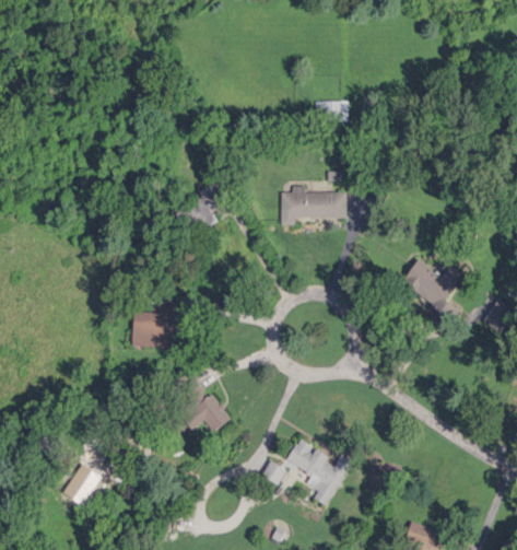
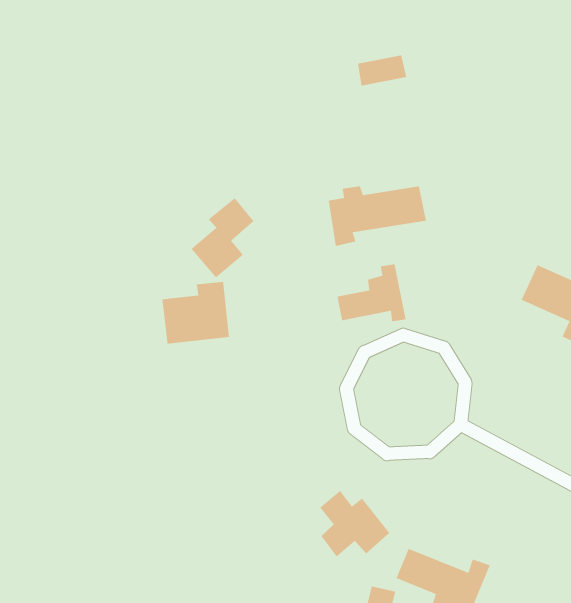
building: none -> [336,263,407,322]
building: [131,306,177,347] -> [161,281,230,344]
building: [180,386,228,433] -> [319,490,390,557]

